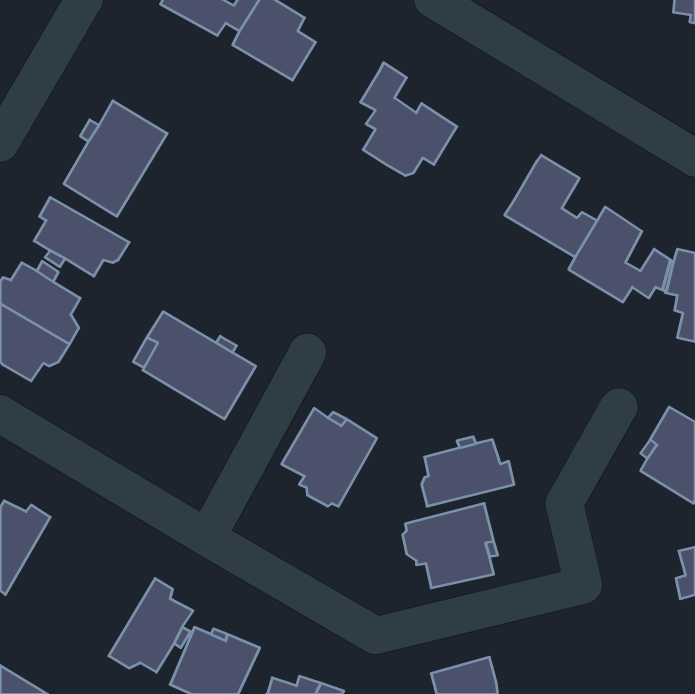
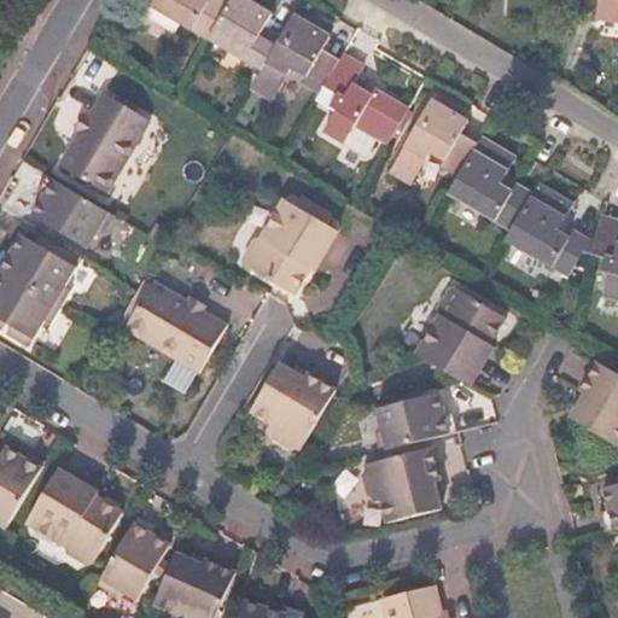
building: none -> [247,17,337,104]
building: none -> [390,97,477,182]
building: none -> [241,196,339,291]
building: none -> [413,286,503,385]
building: none -> [25,467,123,564]

